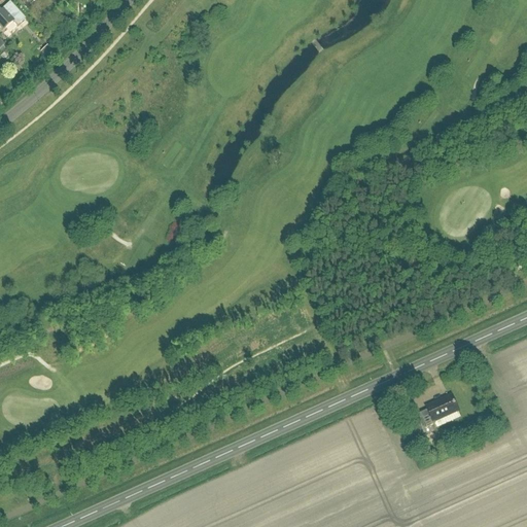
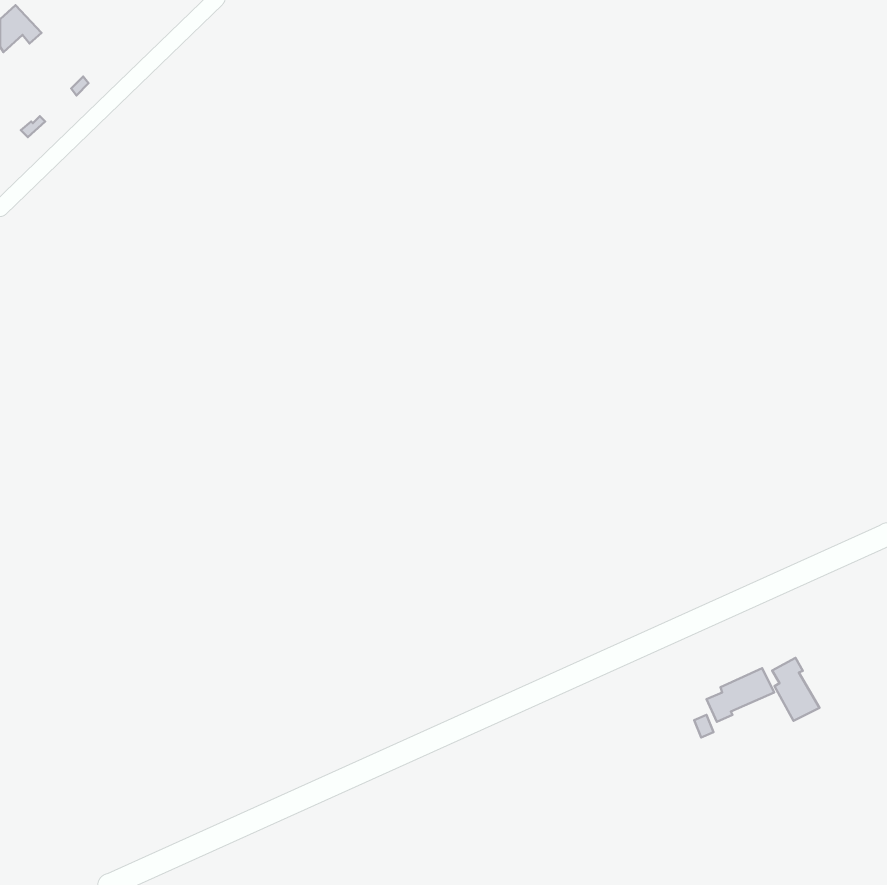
building: none -> [772,658,819,721]

